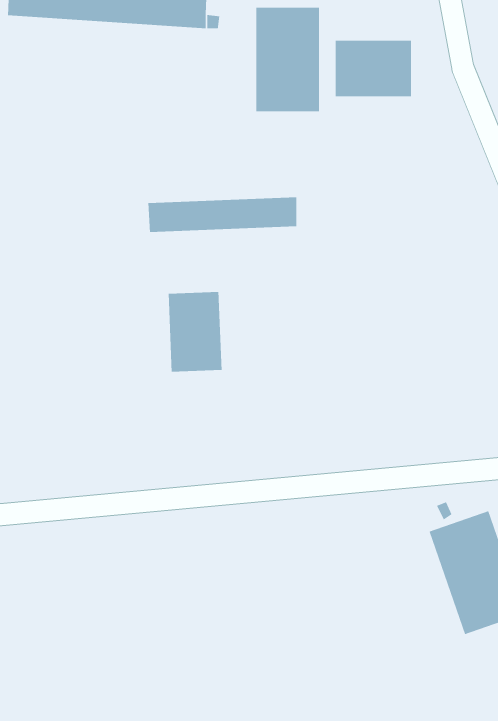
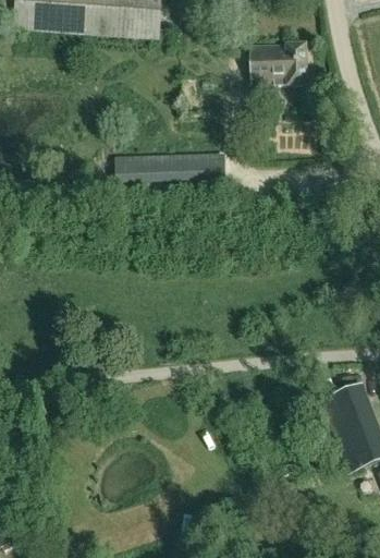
building: [256,7,320,112] -> none
building: [168,291,222,373] -> none

